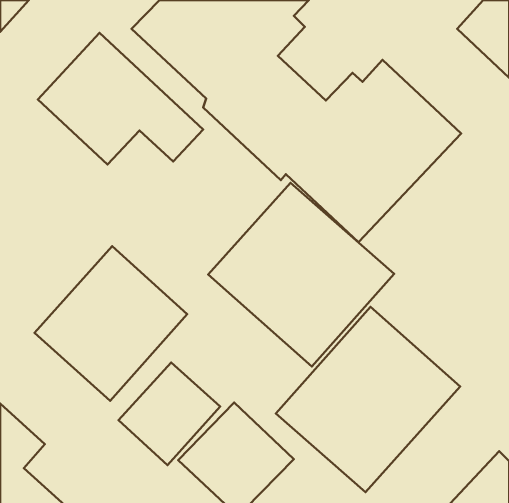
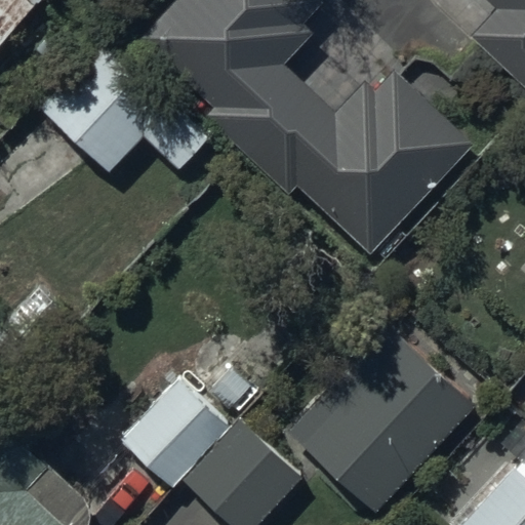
building: [208,183,394,367] -> none
building: [34,246,187,401] -> none

